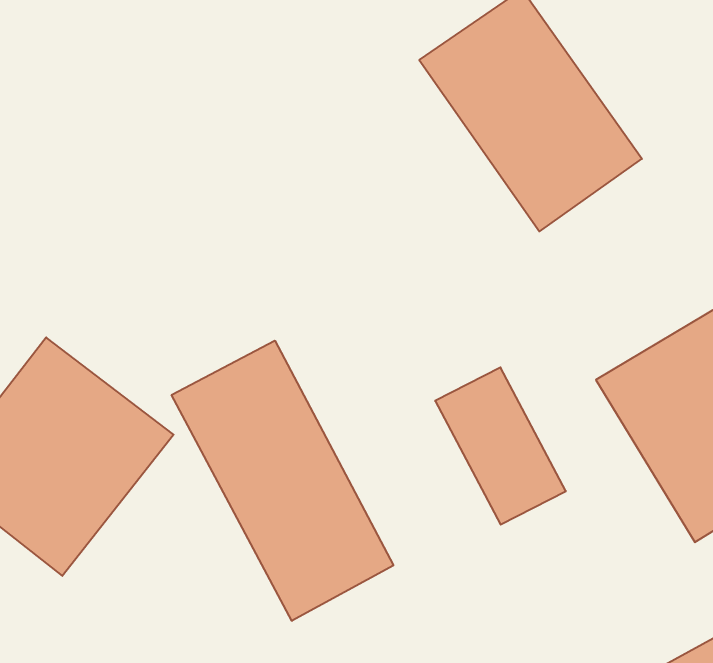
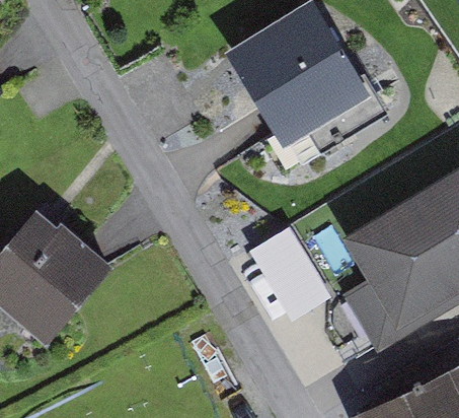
building: [172,341,393,621] -> none

